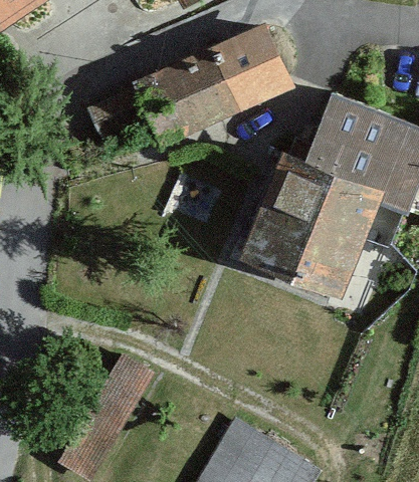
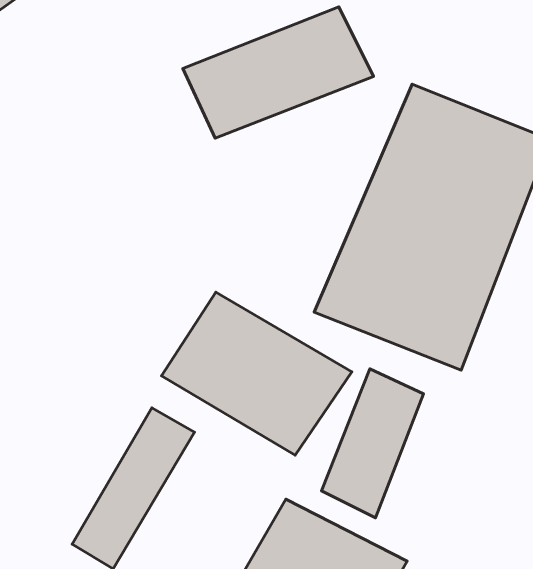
building: none -> [162,292,352,455]
building: none -> [322,369,424,518]

